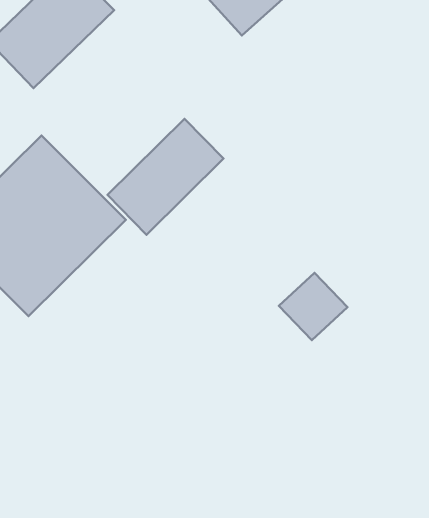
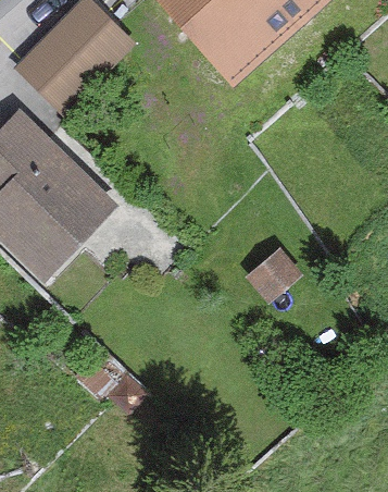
building: [107,119,224,235] -> none

